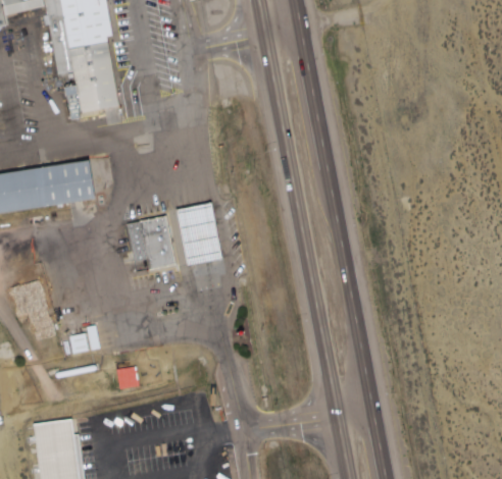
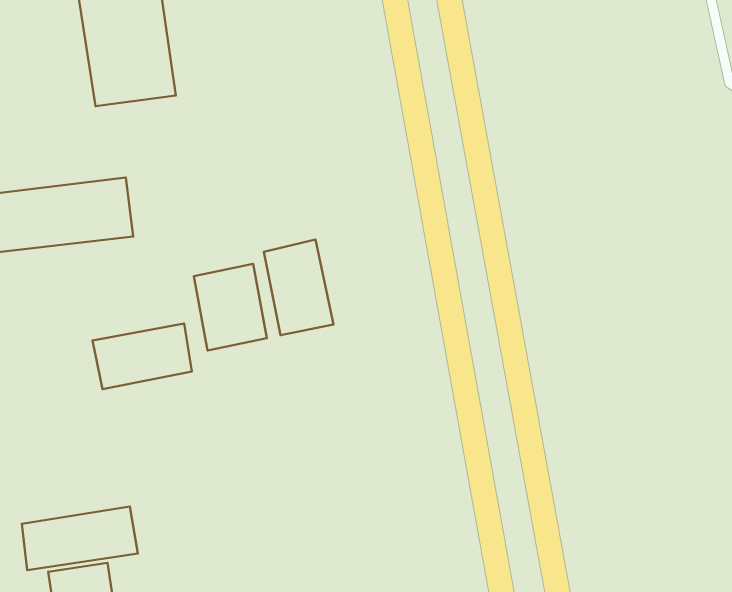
building: none -> [93,324,192,389]
building: none -> [22,507,138,570]

